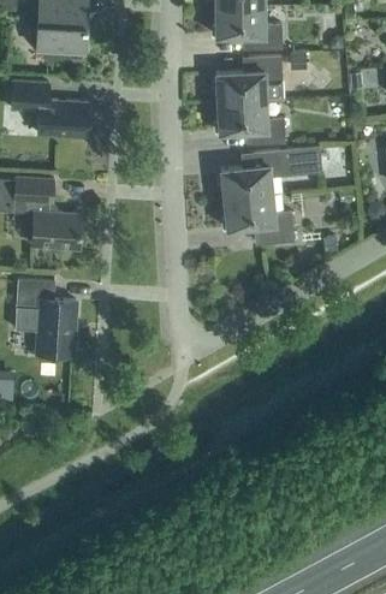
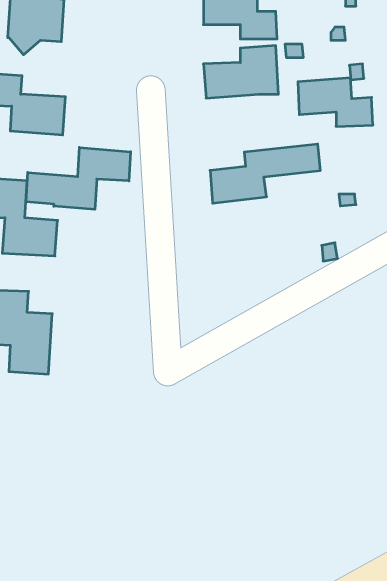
building: [218,100,286,144] -> [298,78,373,126]
building: none -> [26,147,131,209]
building: [224,194,295,244] -> none

